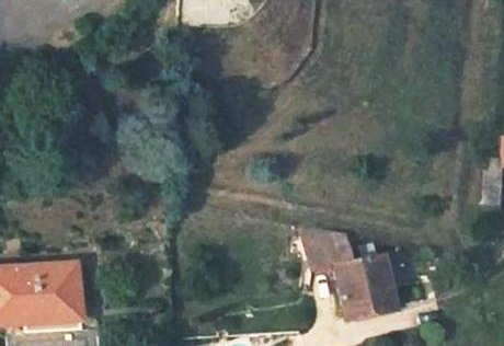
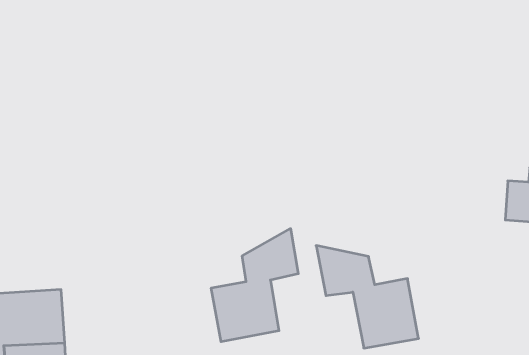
building: none -> [211,229,298,342]

